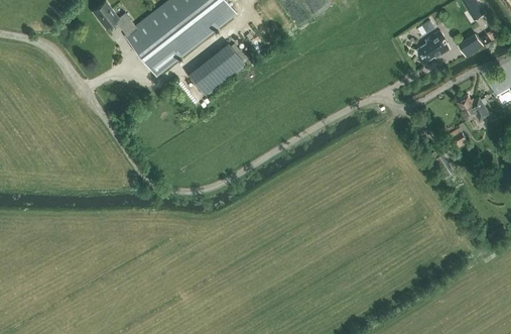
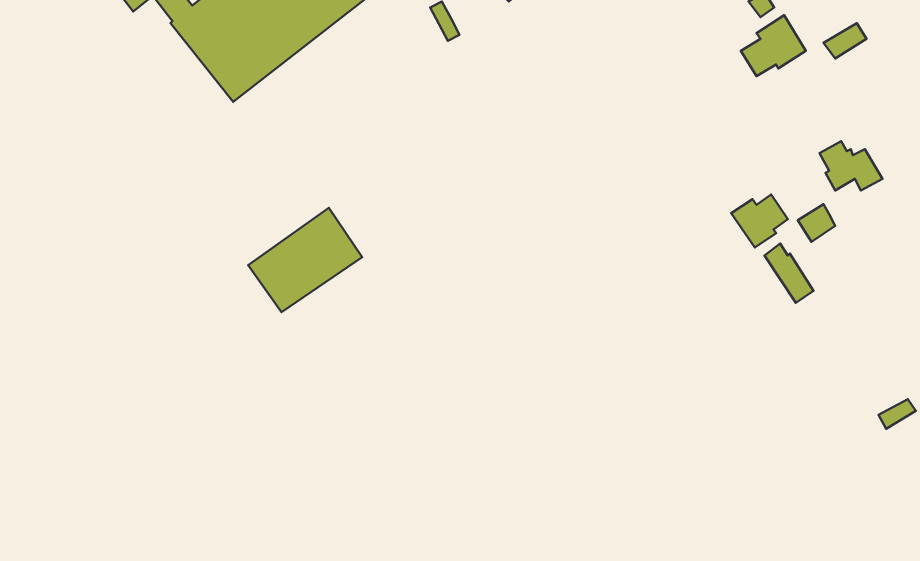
building: [184,41,243,95] -> [248,208,362,312]
building: none -> [731,194,788,247]

